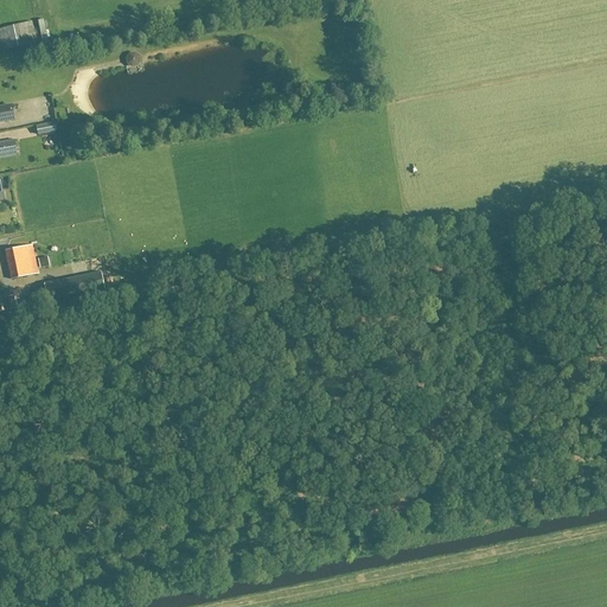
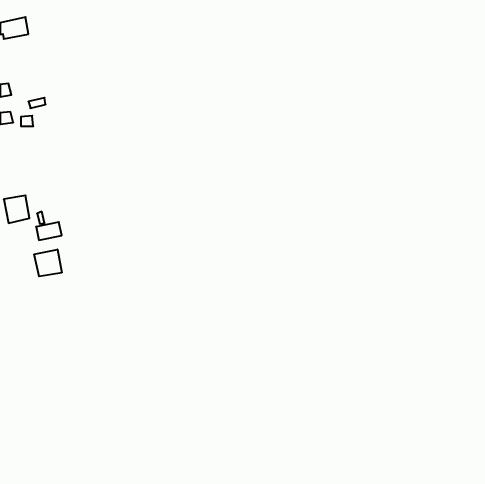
building: none -> [34,249,62,276]

